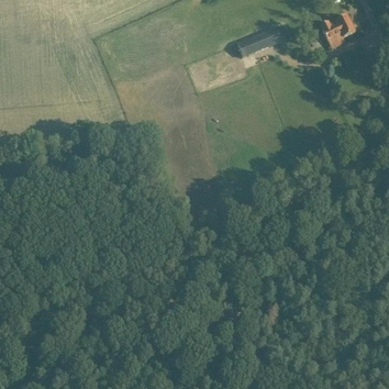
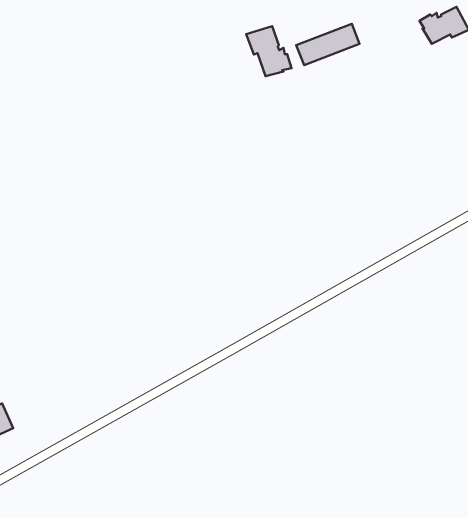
building: none -> [246,26,291,76]

